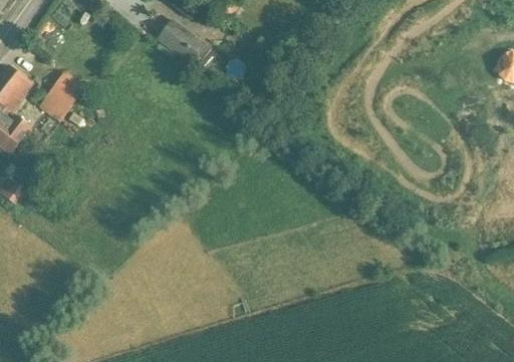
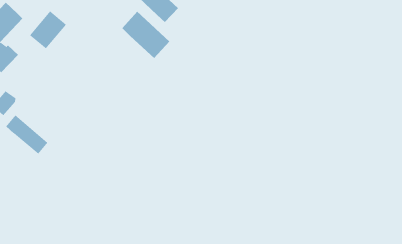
building: none -> [121,11,170,59]
building: none -> [6,115,48,154]

